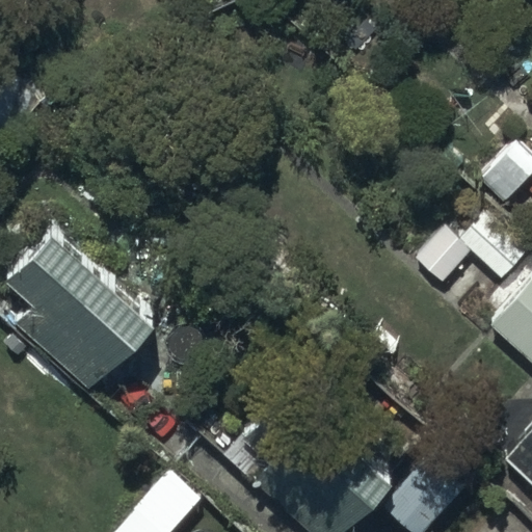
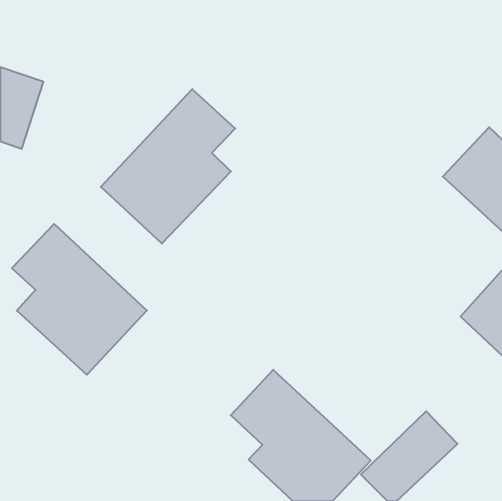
building: none -> [101,89,235,244]

